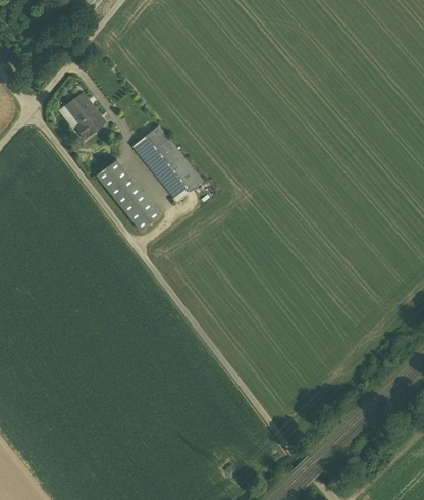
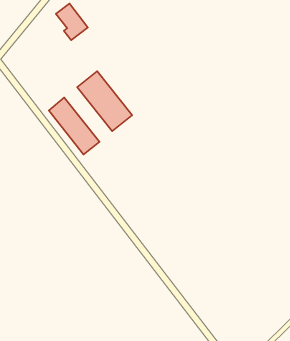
building: [64,91,105,138] -> [56,3,88,40]

